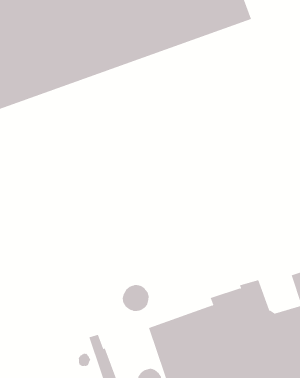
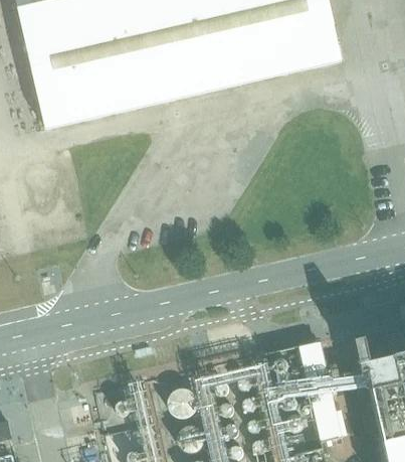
building: [122,285,150,311] -> [168,389,198,418]

